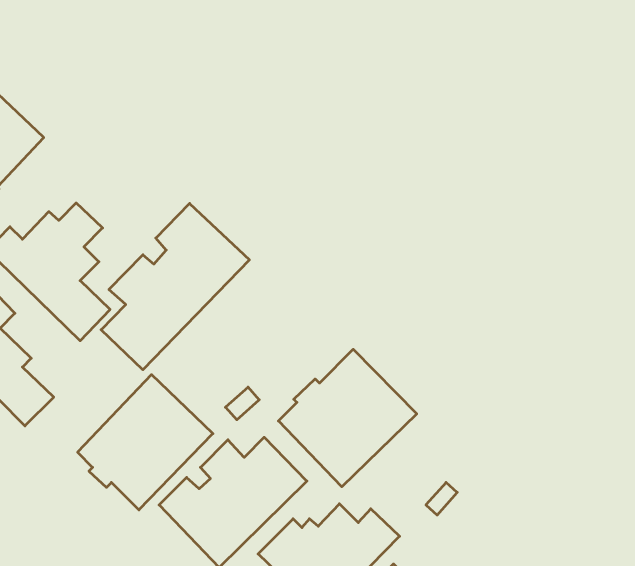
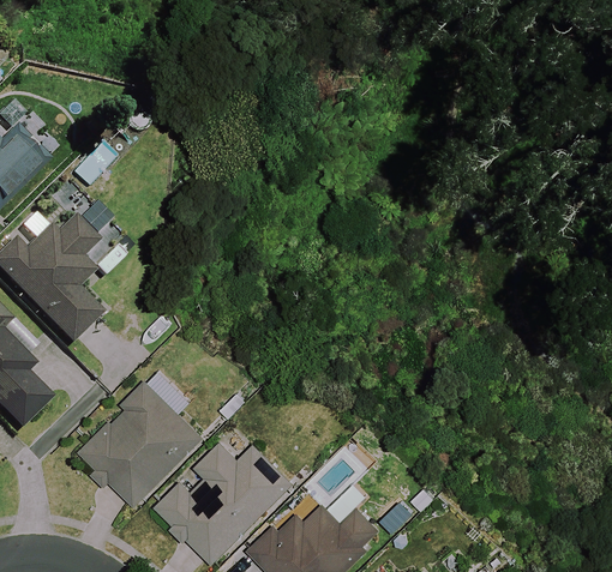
building: [101,203,249,370] -> none
building: [278,349,417,487] -> none

